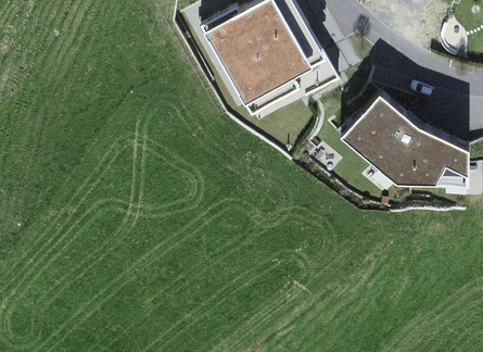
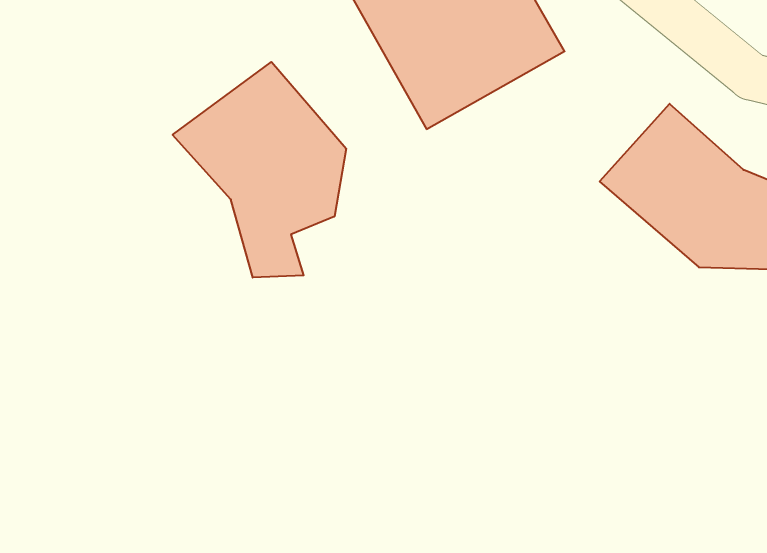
building: none -> [173,62,346,278]

